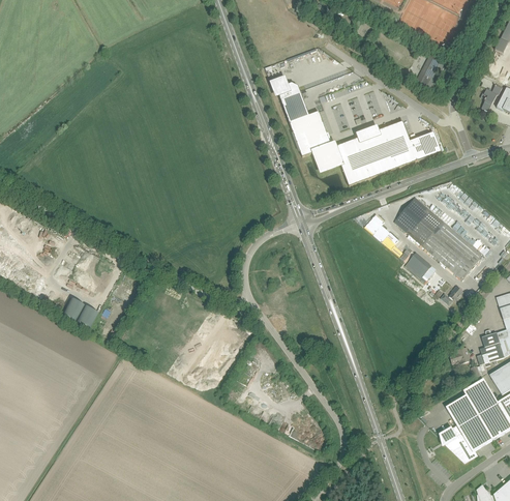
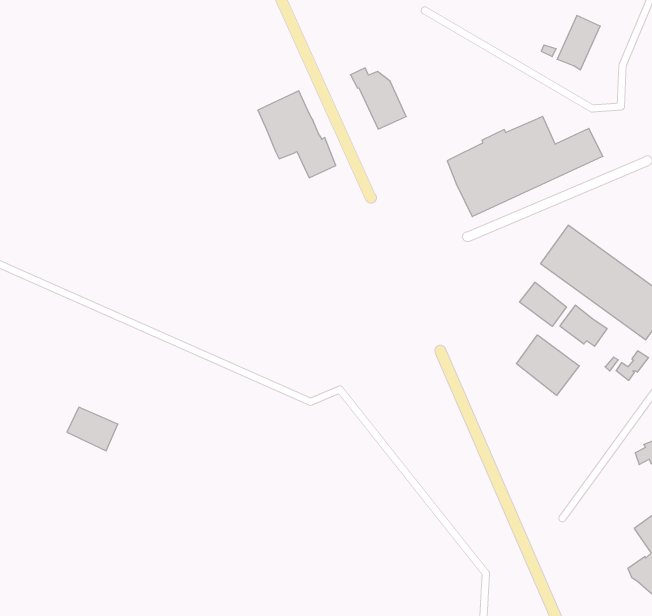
building: [290,110,340,170] -> [258,91,336,178]
building: none -> [520,282,567,326]
building: none -> [516,335,579,395]

